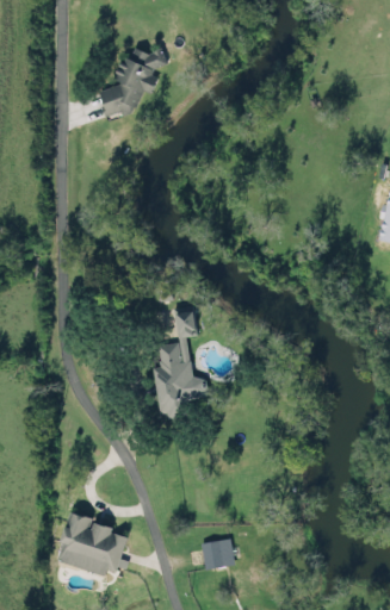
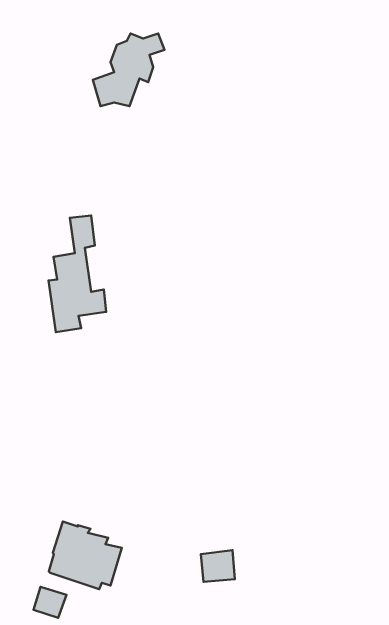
building: [153,304,208,415] -> [48,215,106,332]
building: none -> [33,587,66,618]

